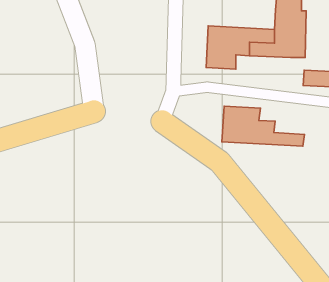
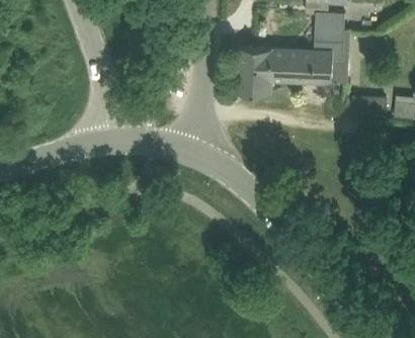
building: [222,106,304,146] -> none

